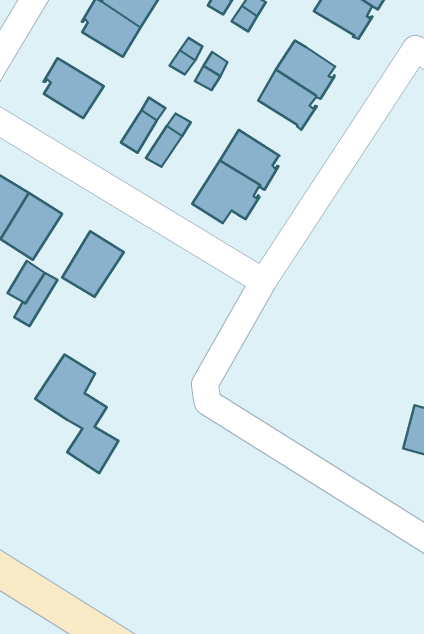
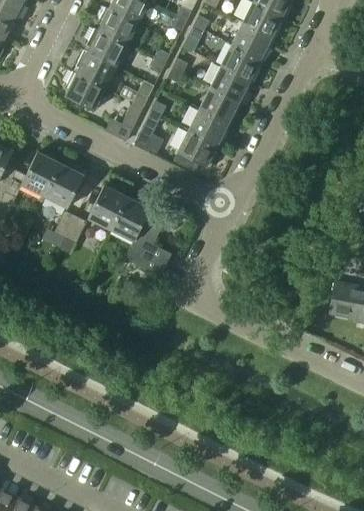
building: none -> [231,23,271,61]
building: none -> [75,50,116,87]
building: none -> [199,87,239,125]
building: [35,354,118,473] -> [112,198,171,276]

